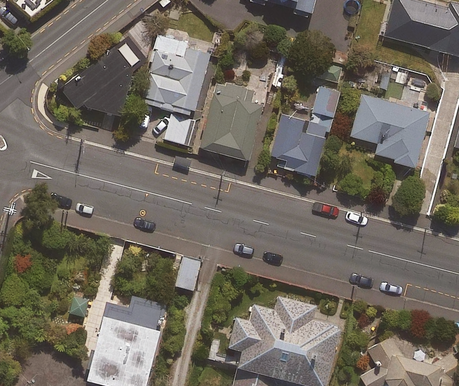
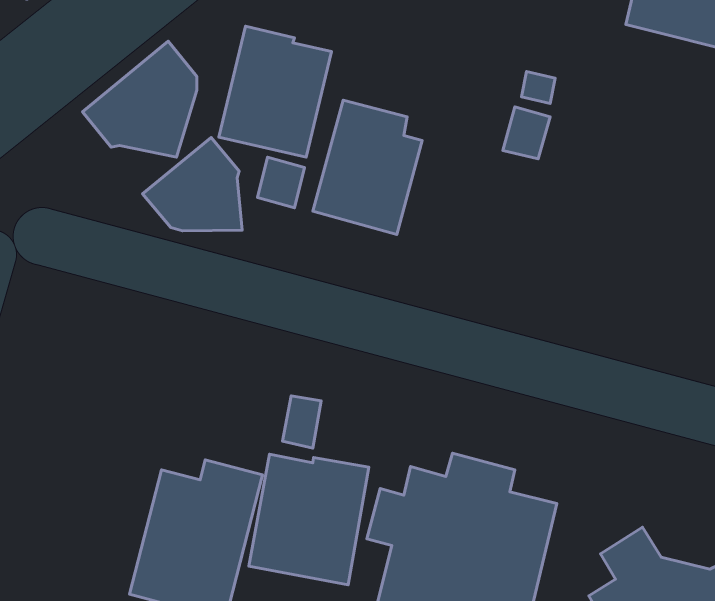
building: [348,96,425,167] -> none
building: none -> [143,137,242,231]
building: [269,115,326,177] -> none
building: none -> [249,454,369,585]

